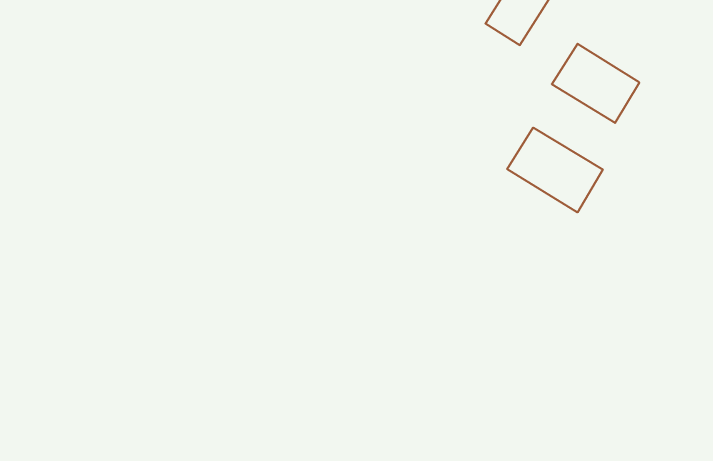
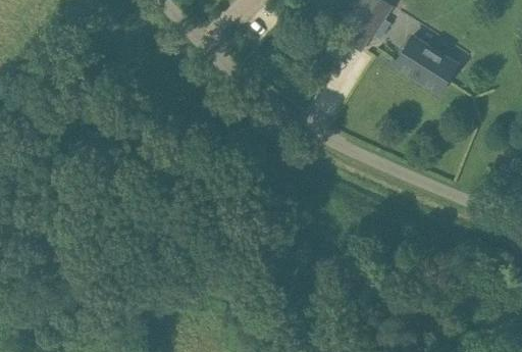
building: [507,128,603,212] -> none

